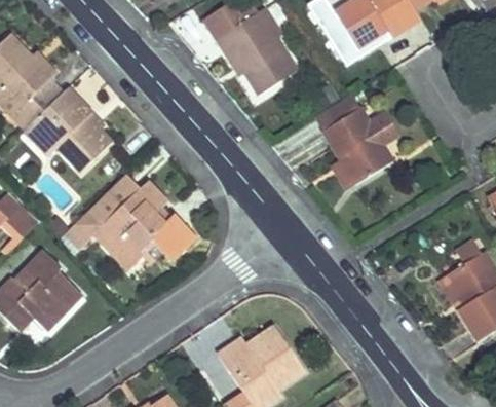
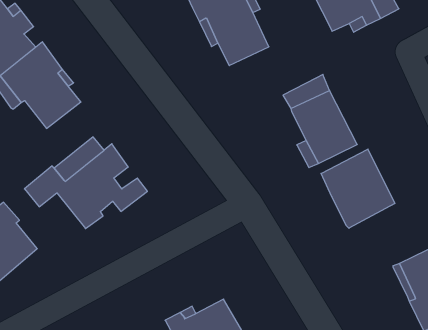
building: none -> [321,149,395,228]

